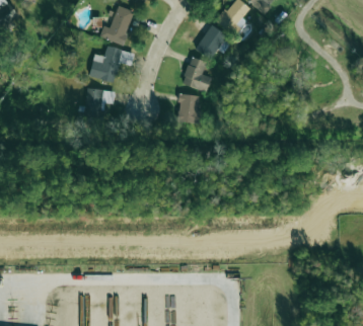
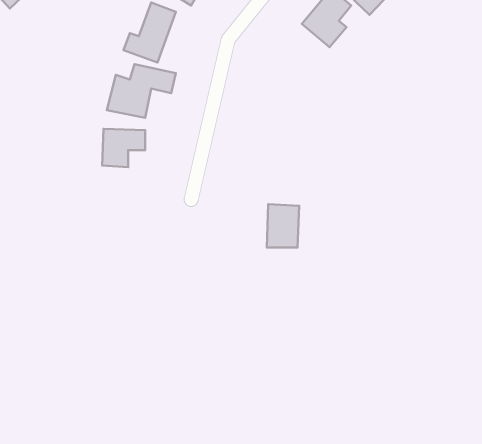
building: [196,25,227,59] -> none
building: [183,57,212,92] -> none
building: [178,94,200,123] -> [267,204,299,247]

